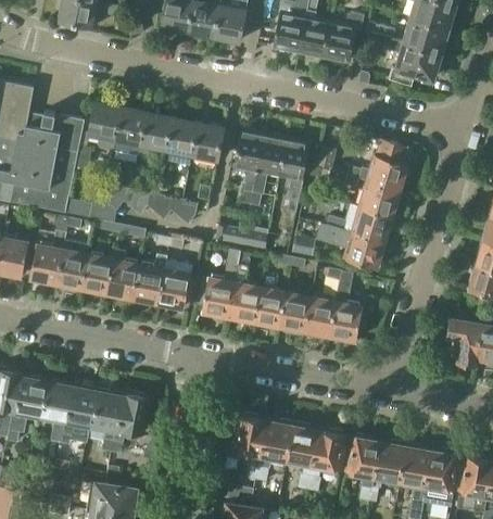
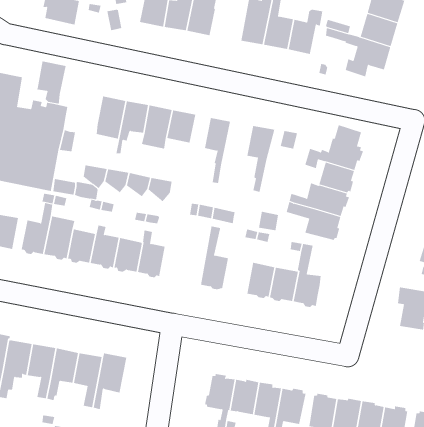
building: [88,102,122,150] -> [36,61,67,104]
building: [250,136,287,206] -> none
building: [203,249,241,316] -> none
building: [254,287,287,326] -> none

